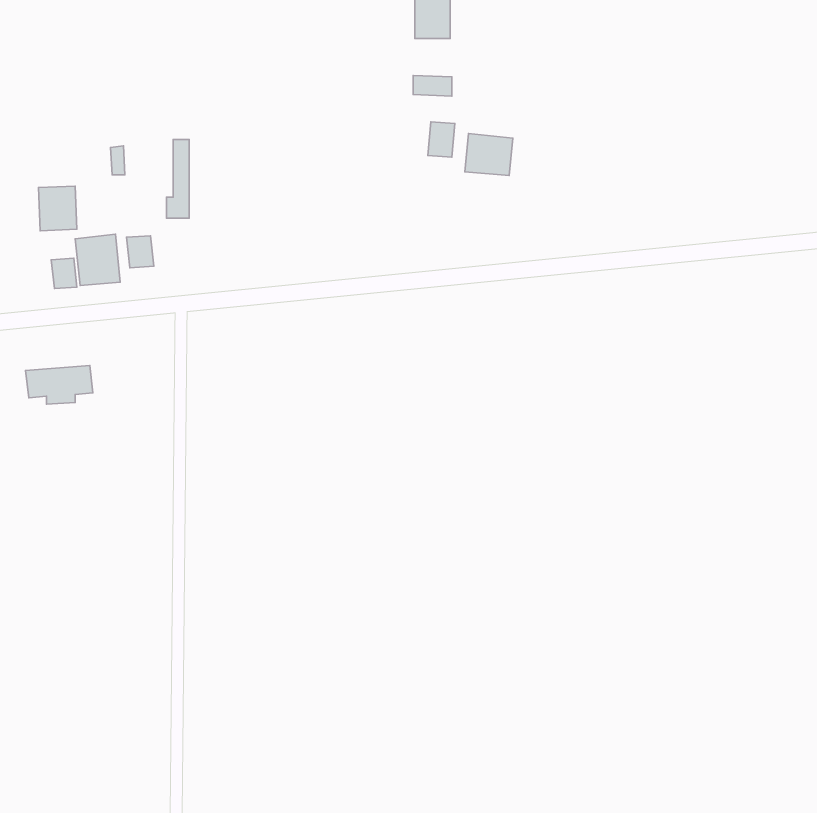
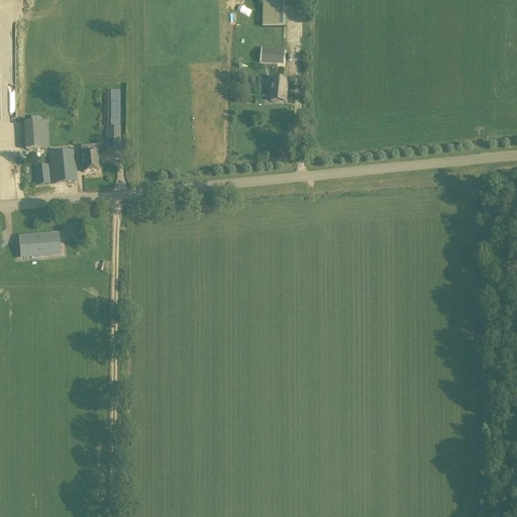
building: [465,133,513,175] -> none

